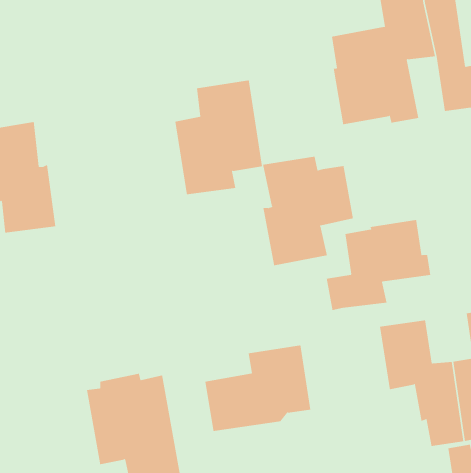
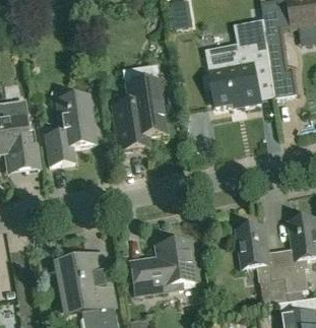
building: none -> [45,93,96,163]
building: [262,156,353,266] -> none
building: [326,219,431,311] -> none

